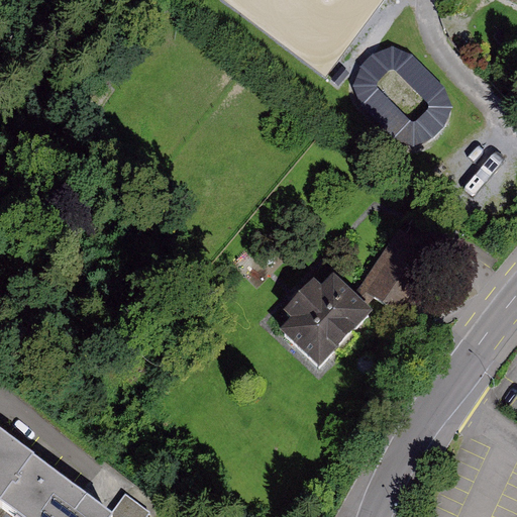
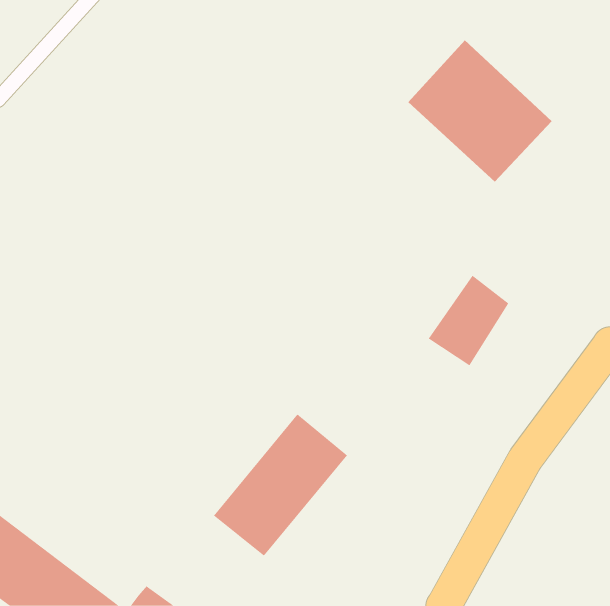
building: [283,276,372,372] -> none
building: none -> [213,413,348,557]

